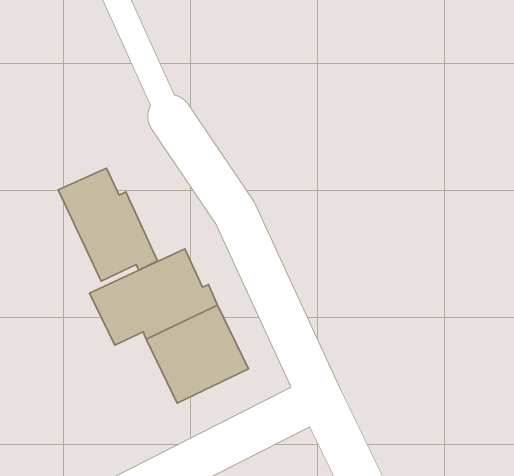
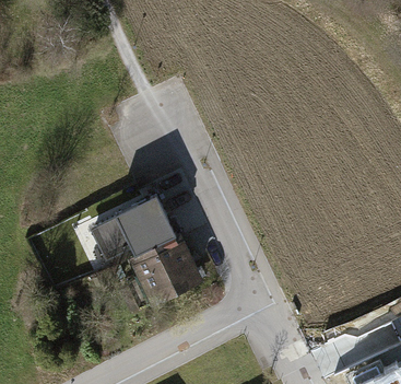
building: [58,168,157,281] -> none

